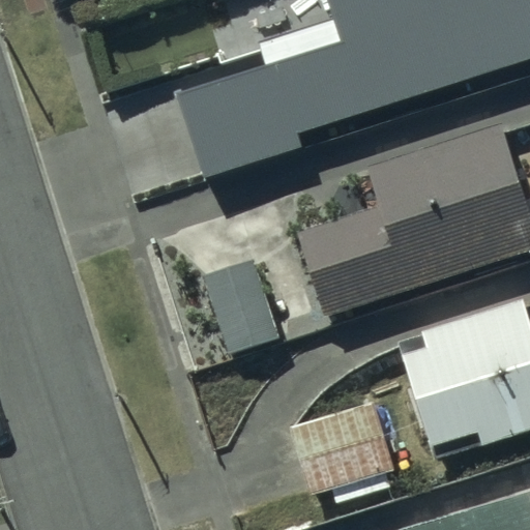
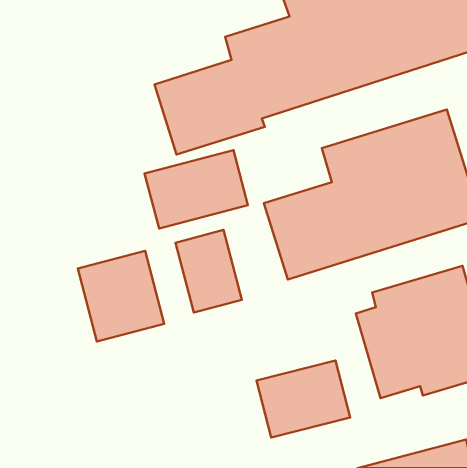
building: none -> [145,150,248,229]
building: none -> [78,251,164,342]

